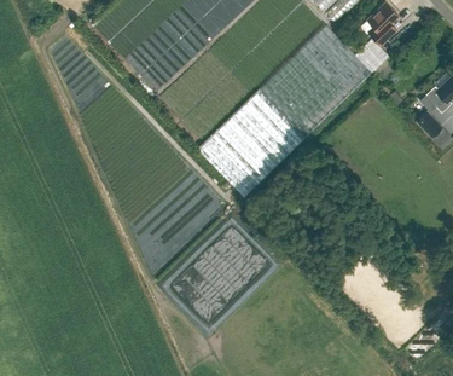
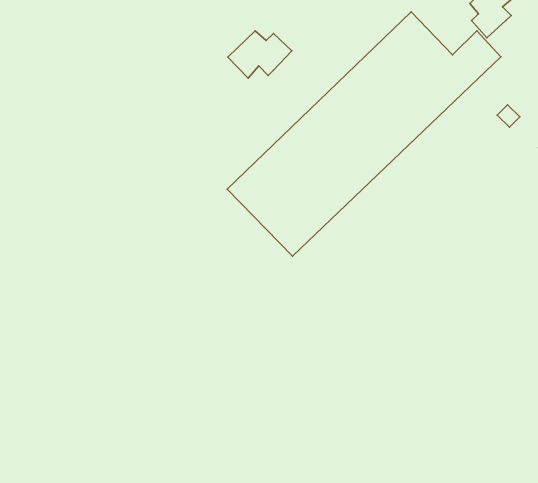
building: none -> [228,31,292,78]

